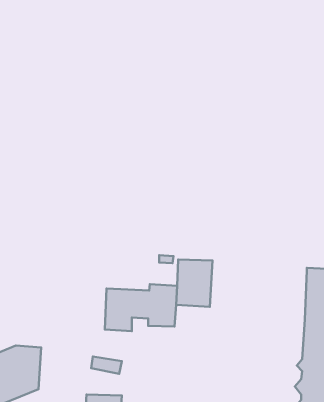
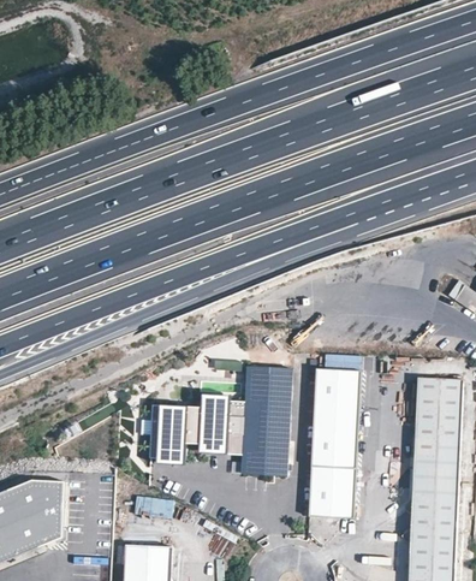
building: none -> [308,367,361,517]
building: none -> [242,426,288,476]

